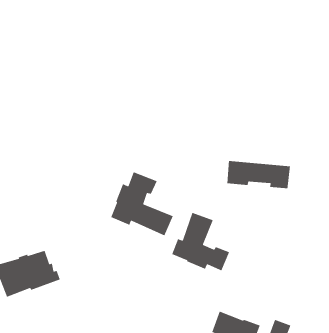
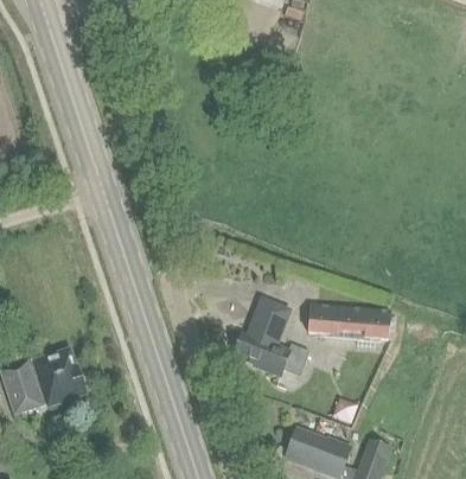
building: [227,160,291,189] -> [307,302,391,340]
building: [110,171,174,236] -> none

